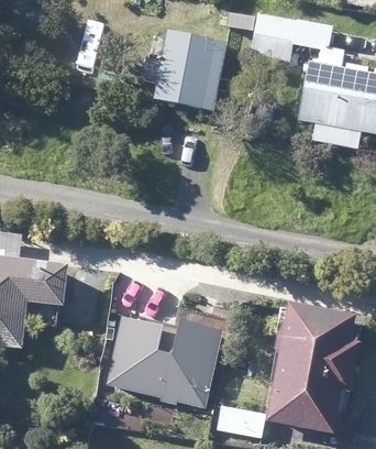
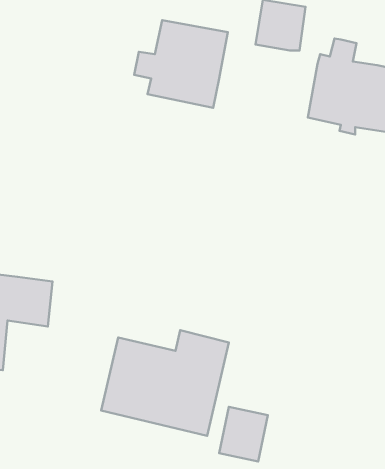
building: [266,304,363,432] -> none

